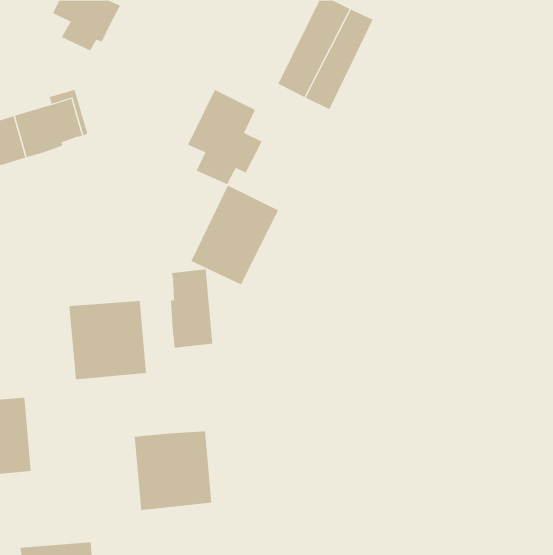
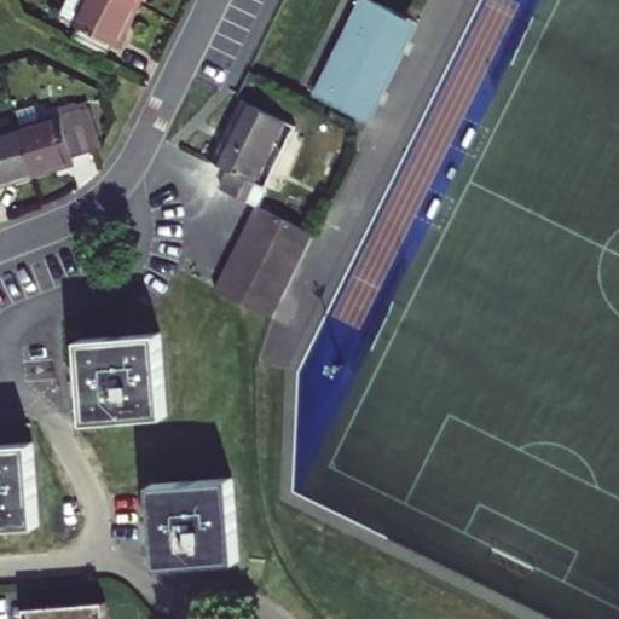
building: [171,269,213,348] -> none

